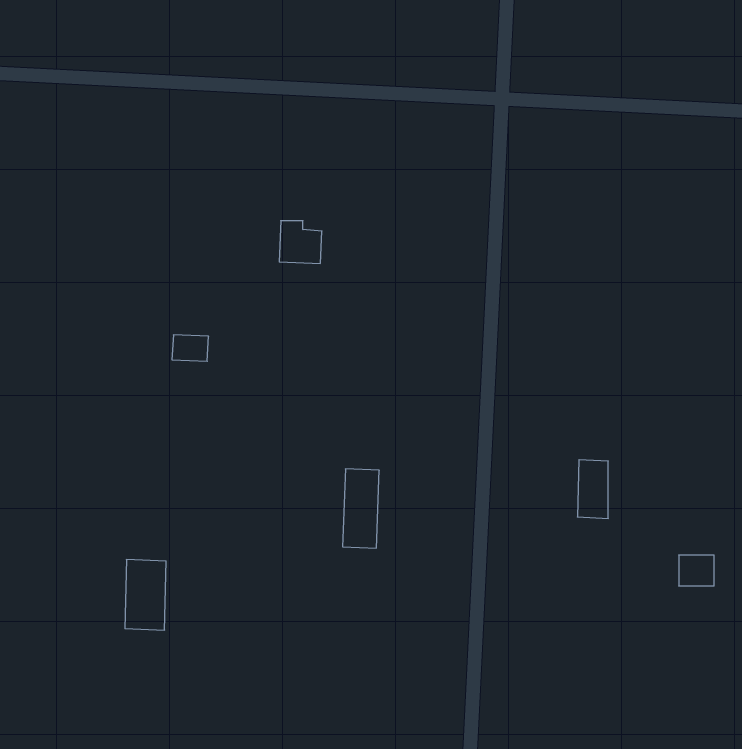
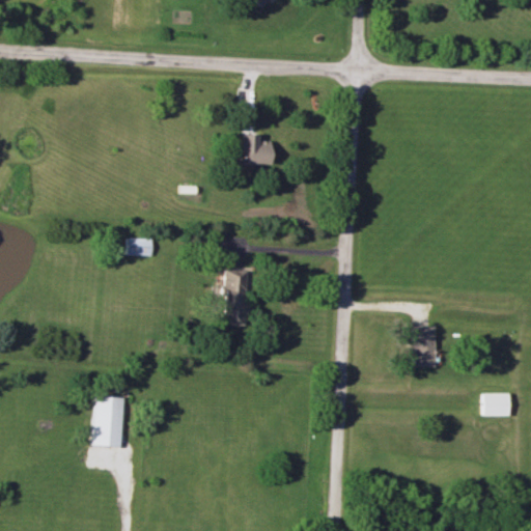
building: [279,221,322,263] -> [243,134,273,164]
building: [343,469,379,548] -> [223,270,249,326]

